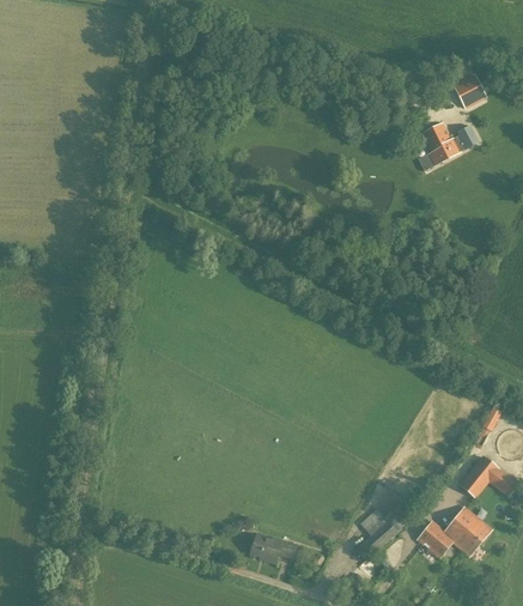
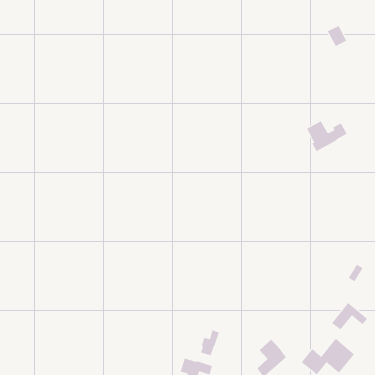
building: [422,122,479,165] -> [306,121,347,152]
building: none -> [200,330,219,356]

